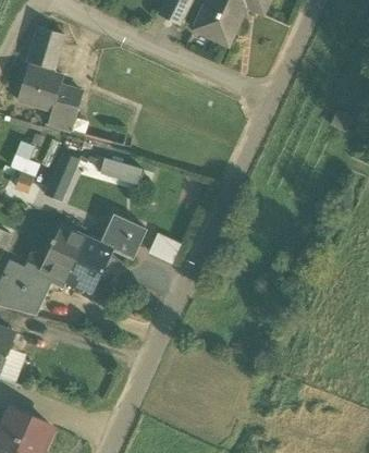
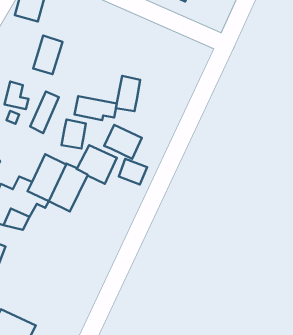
building: [17,65,63,110] -> none
building: none -> [116,76,140,111]
building: none -> [61,119,86,148]
building: none -> [104,125,142,159]

